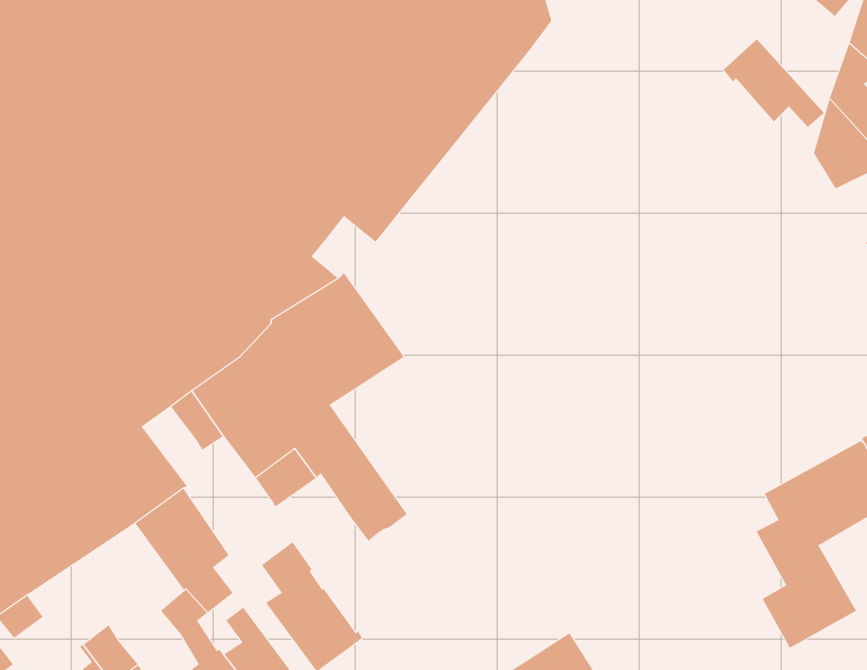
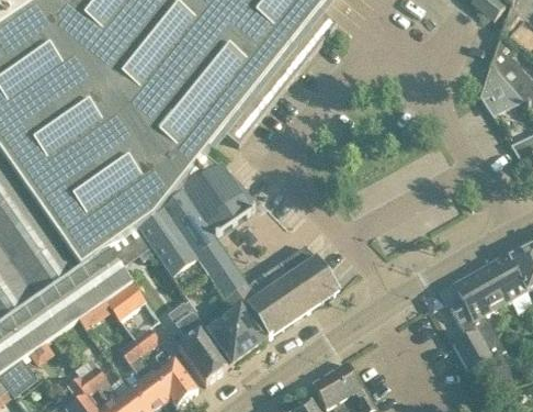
building: [723,39,825,128] -> none
building: none -> [246,244,336,337]
building: none -> [205,305,263,364]

